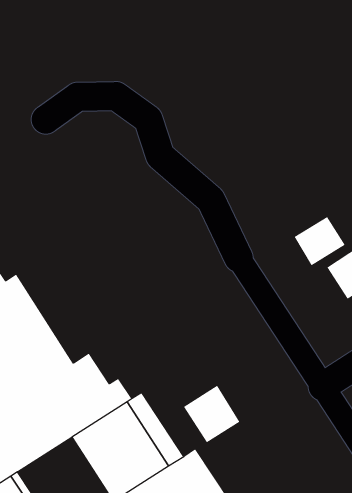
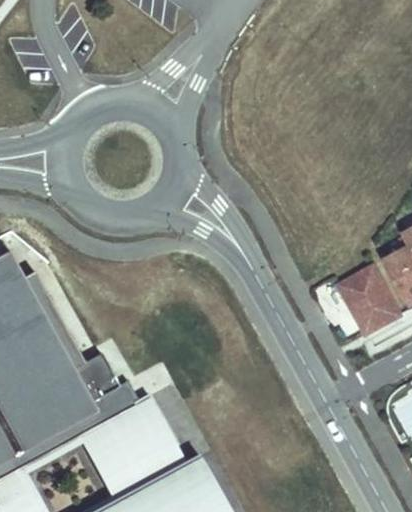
building: [294,216,345,266] -> none
building: [183,385,240,443] -> none

